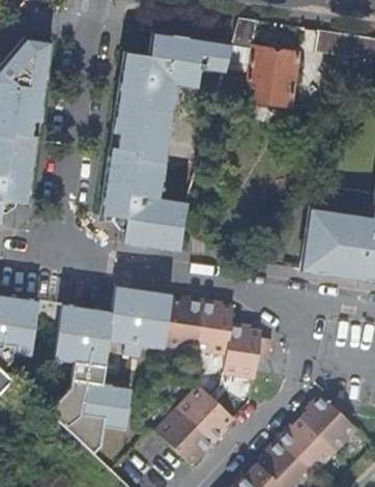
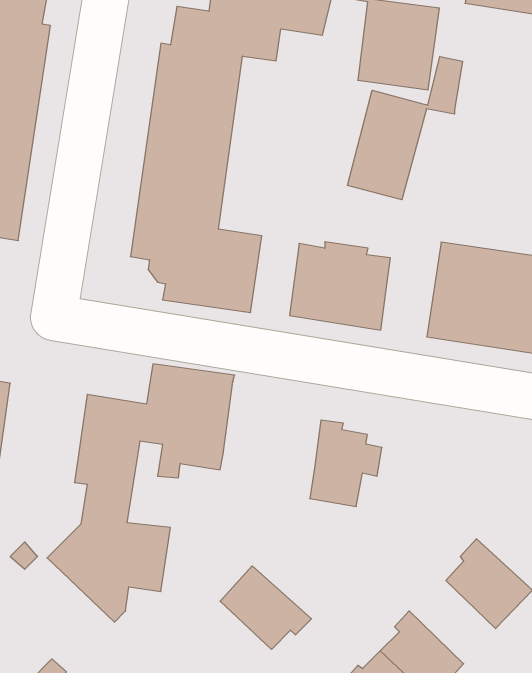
building: none -> [347,56,463,200]
building: [162,295,227,352] -> [290,242,390,330]
building: [180,391,237,450] -> none
building: [282,425,338,479] -> none

